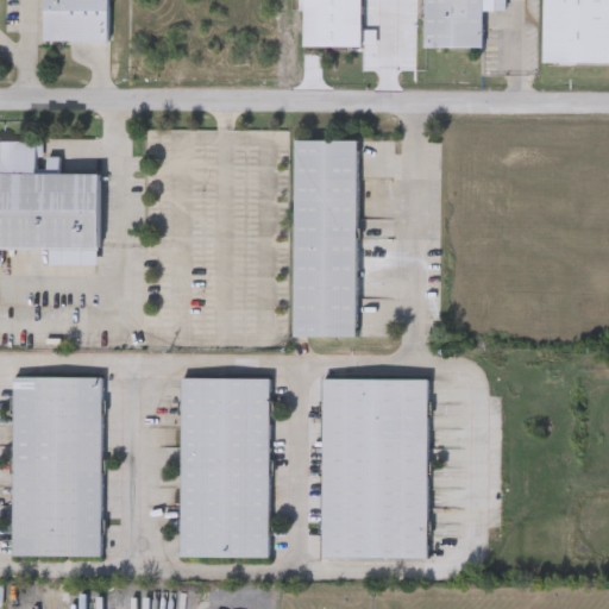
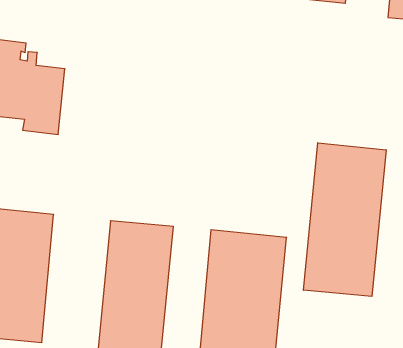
building: [293,139,357,335] -> none
building: none -> [303,143,386,296]

